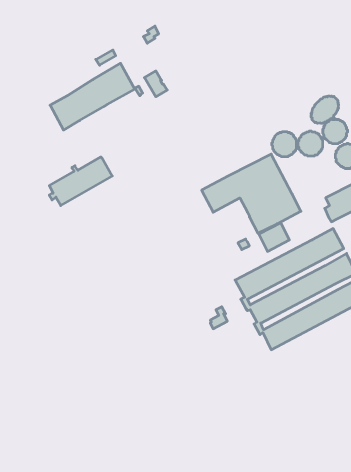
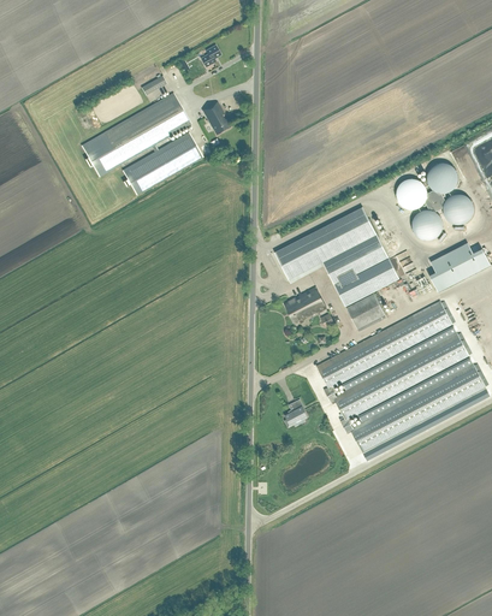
building: [311,96,339,123] -> none
building: [272,132,296,157] -> [411,208,443,239]
building: [49,157,112,206] -> [123,132,202,194]
building: none -> [284,286,326,324]

